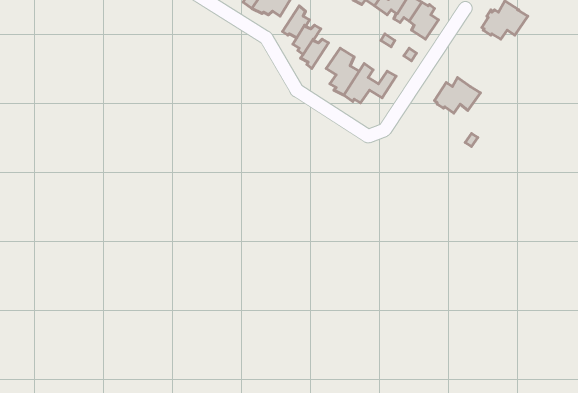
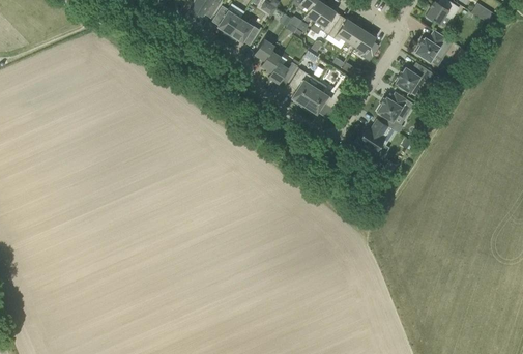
building: none -> [395,64,432,92]
building: none -> [355,119,395,152]

